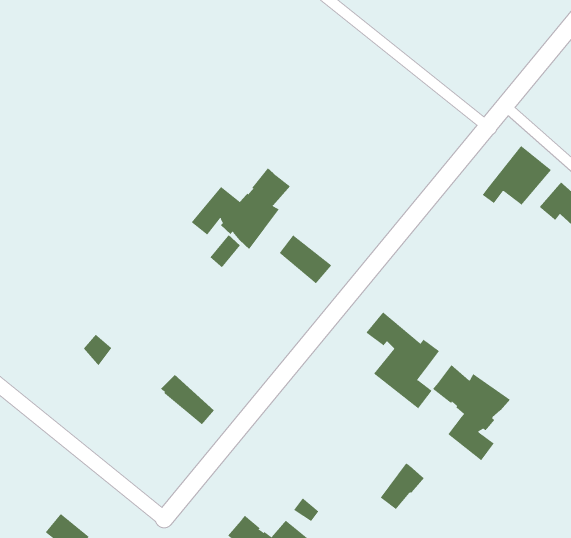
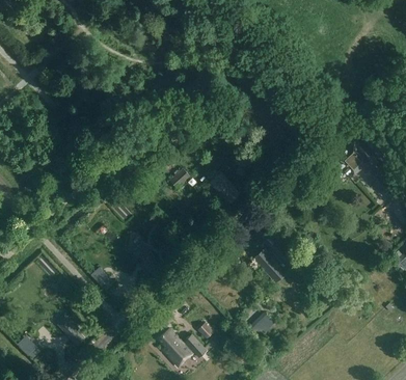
building: [191,167,291,250] -> none
building: [432,364,511,461] -> none

